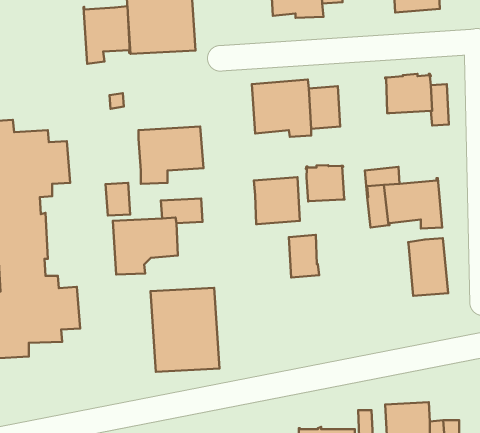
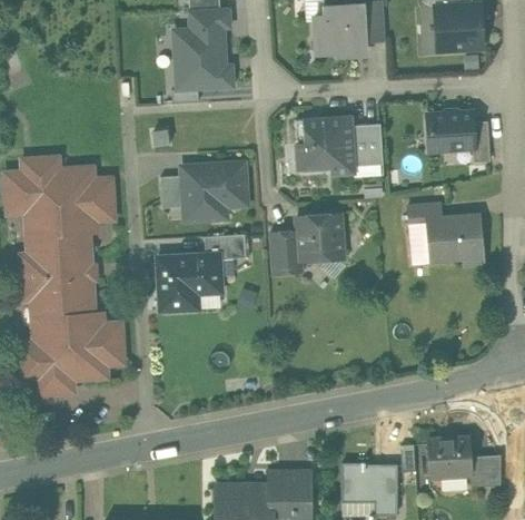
building: [83,6,130,64] -> none
building: [306,165,344,201] -> none
building: [106,183,130,215] -> [160,176,185,208]
building: [289,235,319,277] -> [271,232,301,274]
building: [408,238,448,296] -> none
building: [150,288,220,372] -> none

